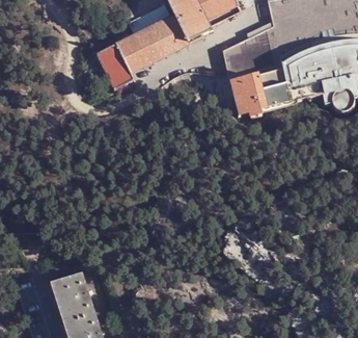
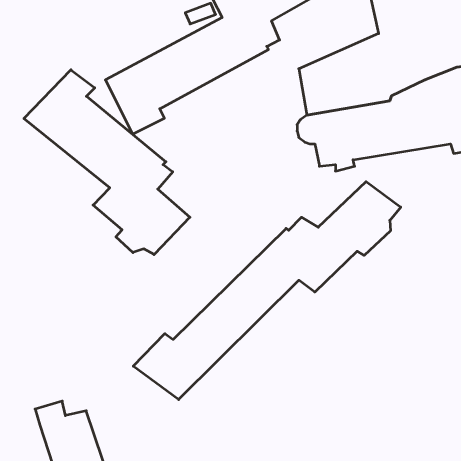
building: none -> [24,70,190,255]
building: none -> [133,182,401,400]

